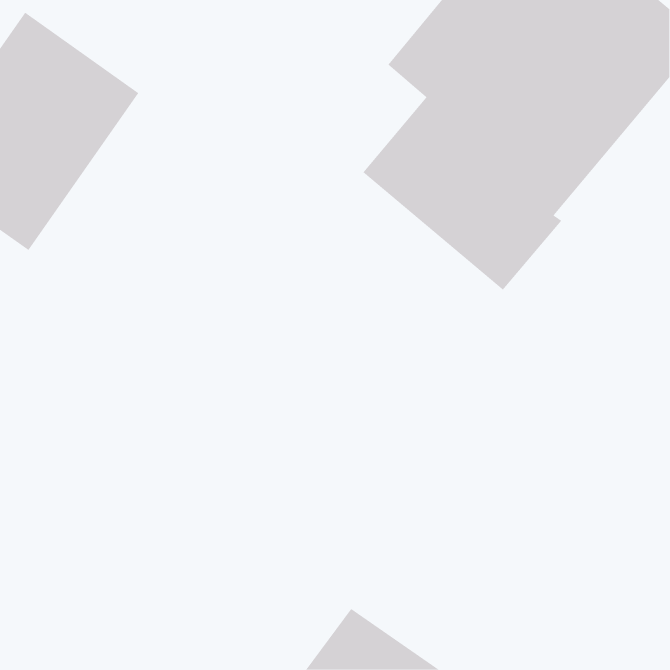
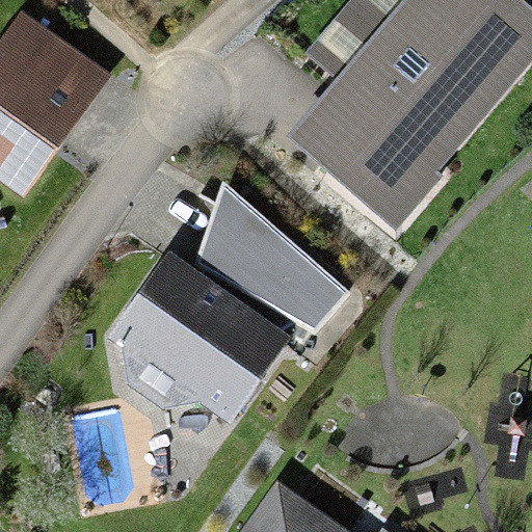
building: none -> [196,182,348,330]
building: none -> [113,252,290,425]

